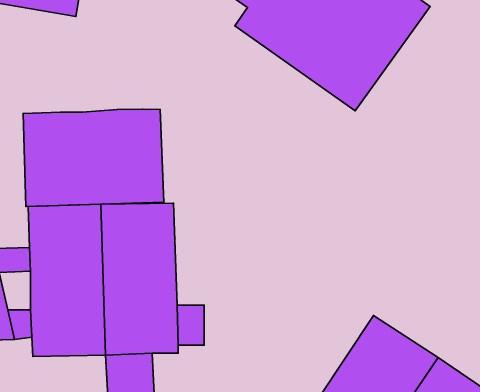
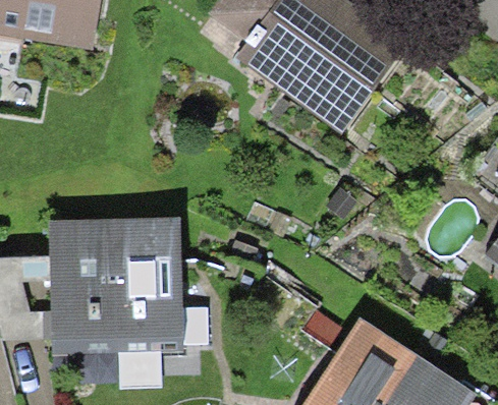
building: [23,109,164,206] -> none

